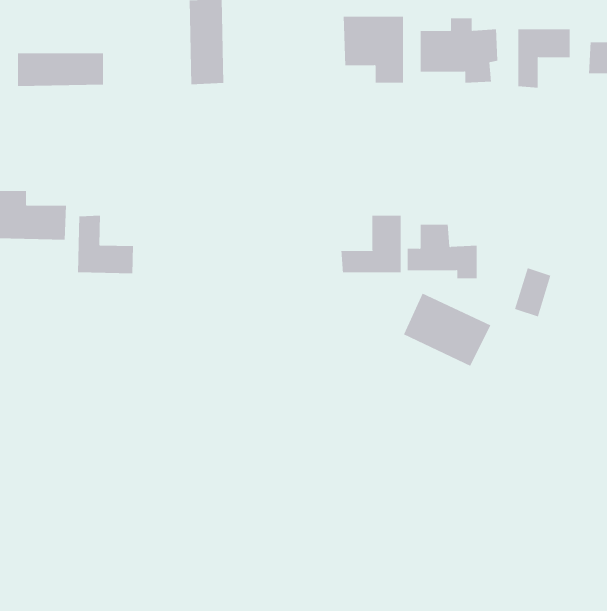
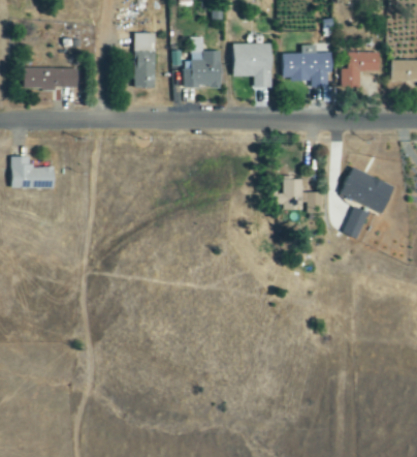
building: none -> [183,51,221,87]
building: [78,215,133,274] -> none
building: [341,215,401,273] -> none
building: [403,293,491,367] -> [339,165,395,213]

